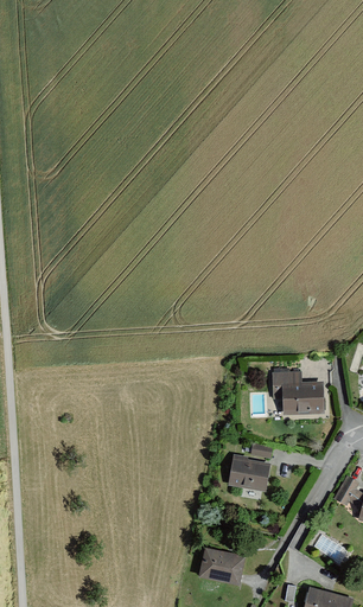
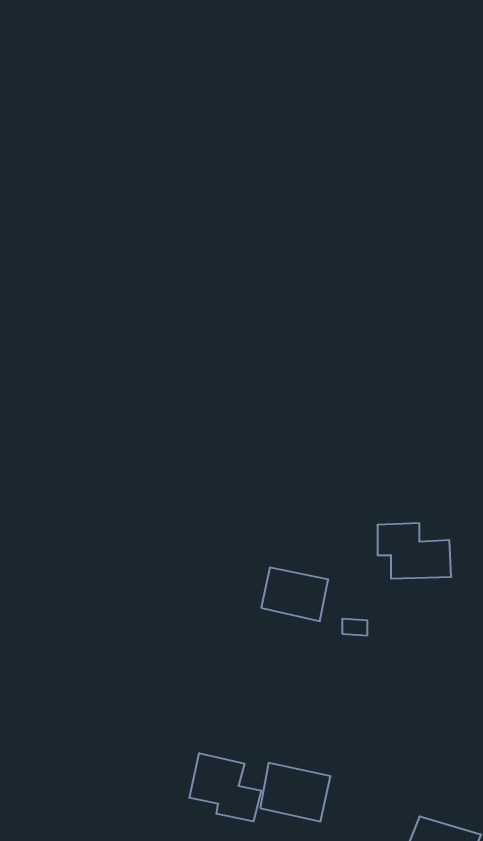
building: [225,454,273,492] -> [261,568,328,621]
building: none -> [189,753,261,821]

